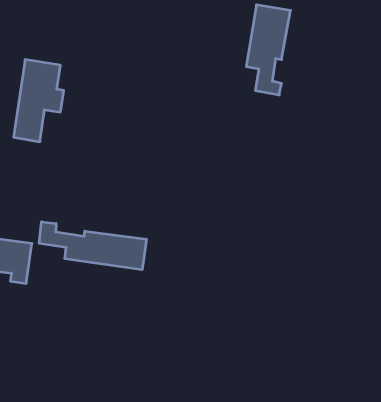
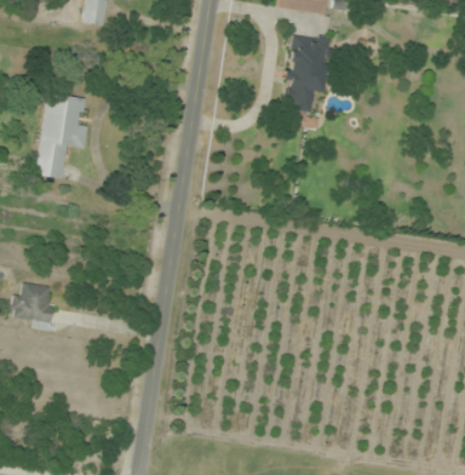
building: [39,222,146,270] -> none

